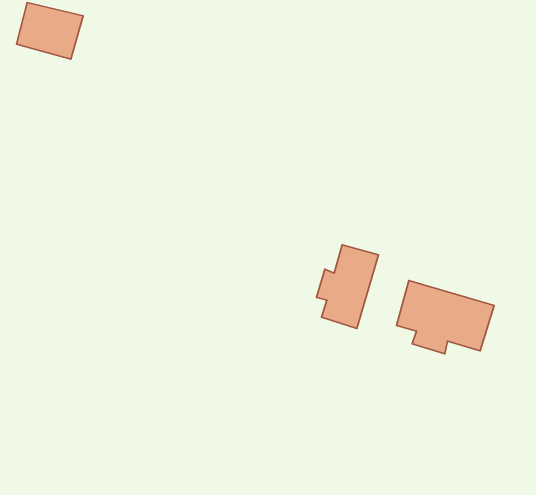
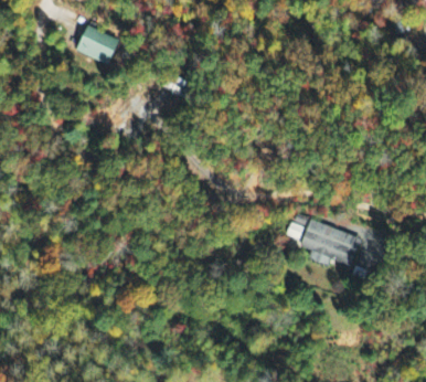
building: [317,245,379,329] -> none

